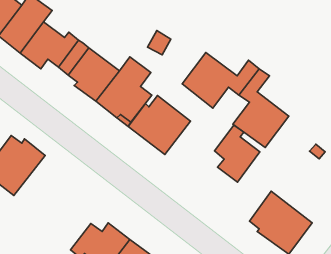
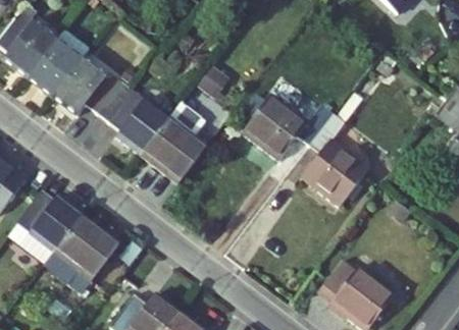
building: [128,96,190,154] -> none
building: [214,125,260,182] -> none
building: none -> [44,214,116,292]

